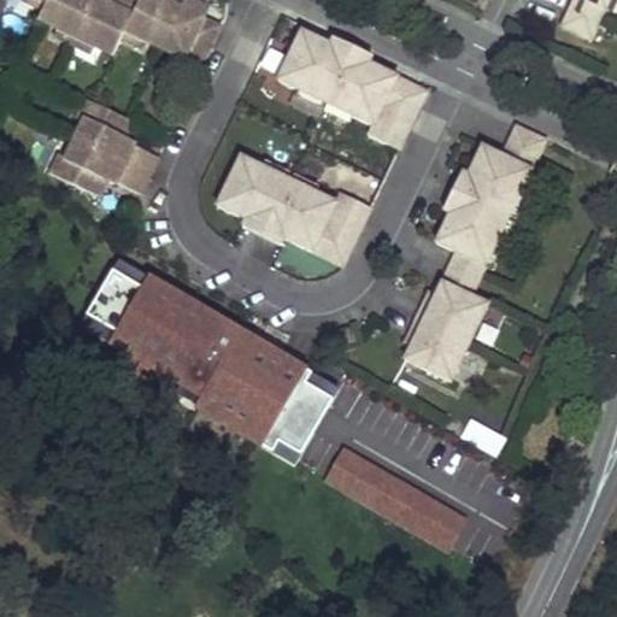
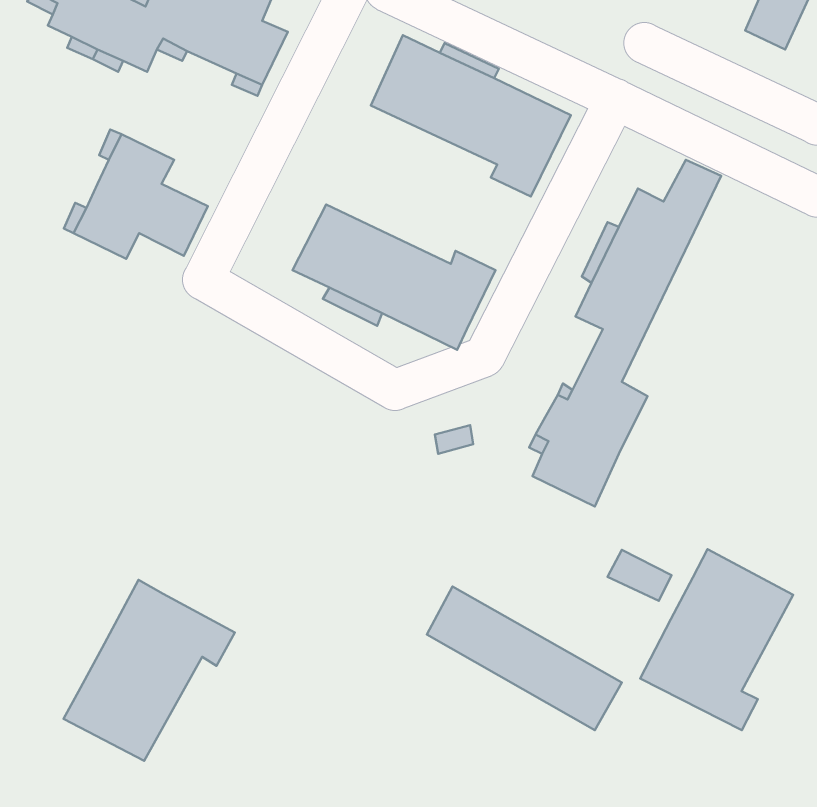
building: [75,260,334,458] -> none
building: none -> [640,549,793,730]
building: none -> [63,580,235,761]

